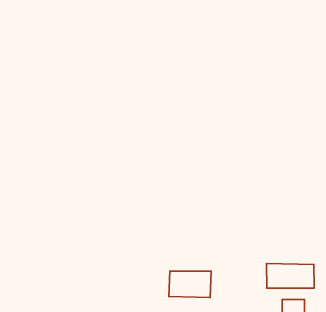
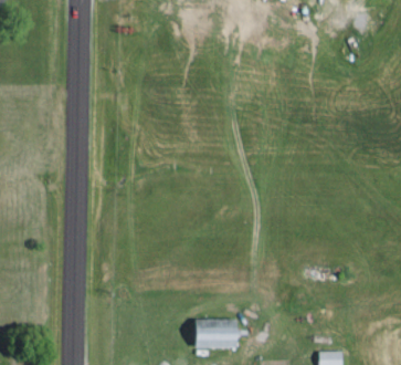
building: [266,263,314,288] -> none

